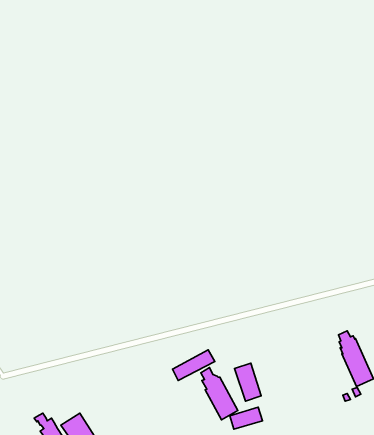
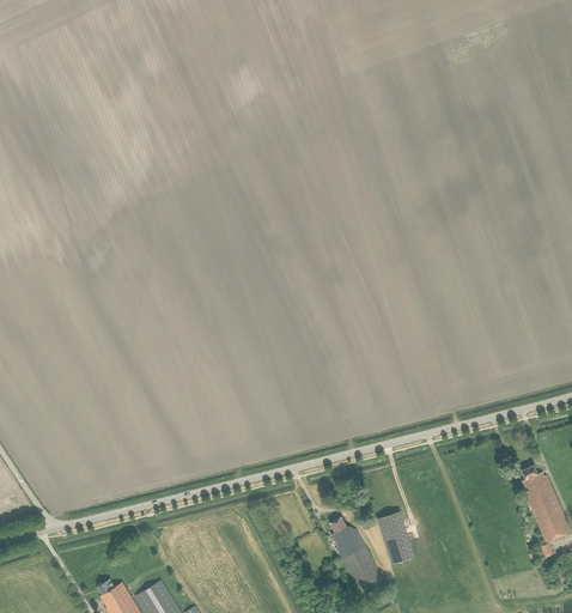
building: [172,350,215,381] -> none
building: [230,407,262,429] -> none

